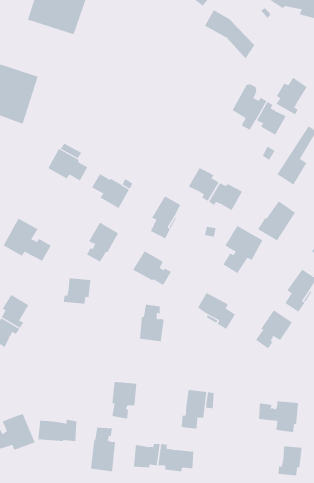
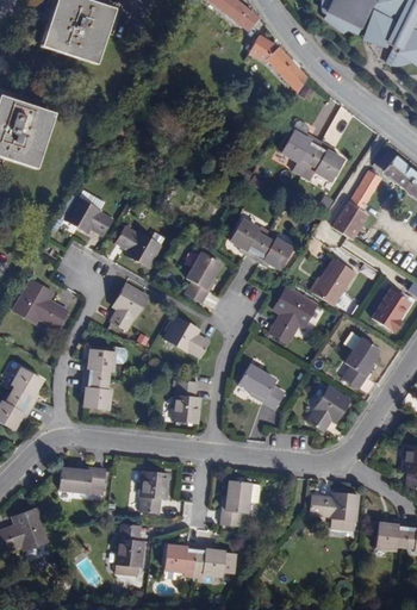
building: [275,77,308,115] -> none
building: none -> [82,376,111,409]
building: [37,419,77,441] -> [58,466,105,492]
building: [278,445,302,476] -> none

